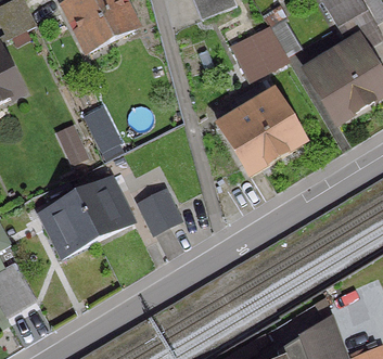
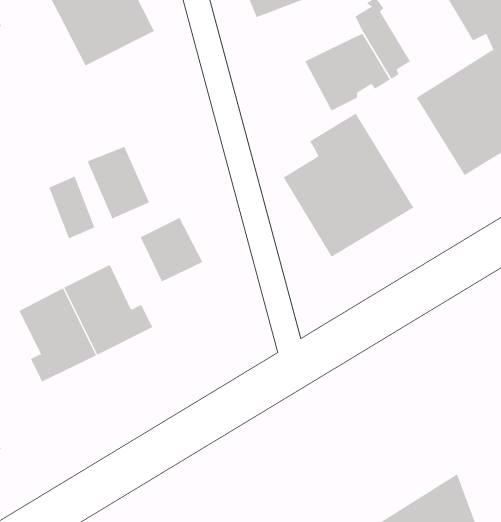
building: [138,190,179,232] -> [140,217,203,282]

